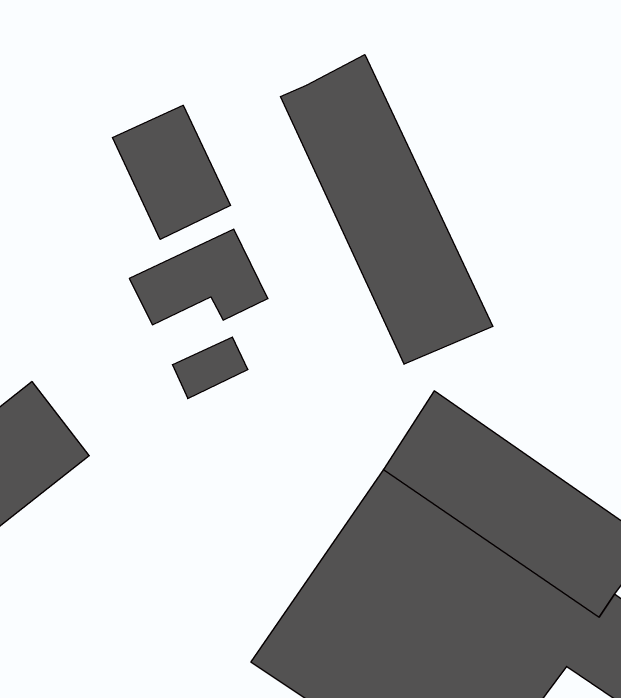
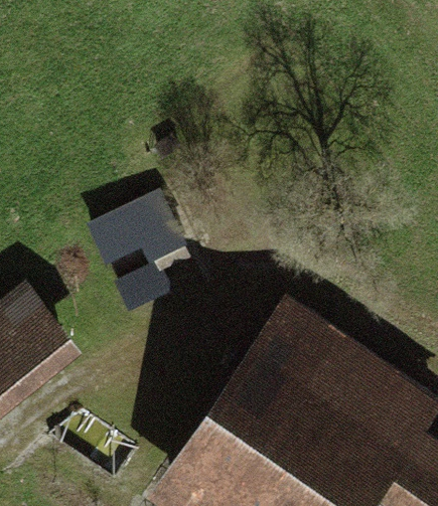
building: [280,55,493,364] -> none
building: [112,105,231,239] -> none

